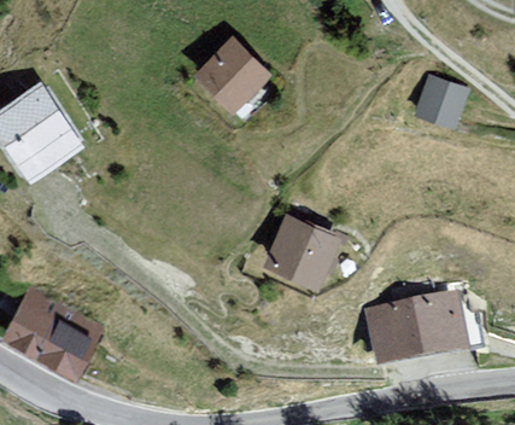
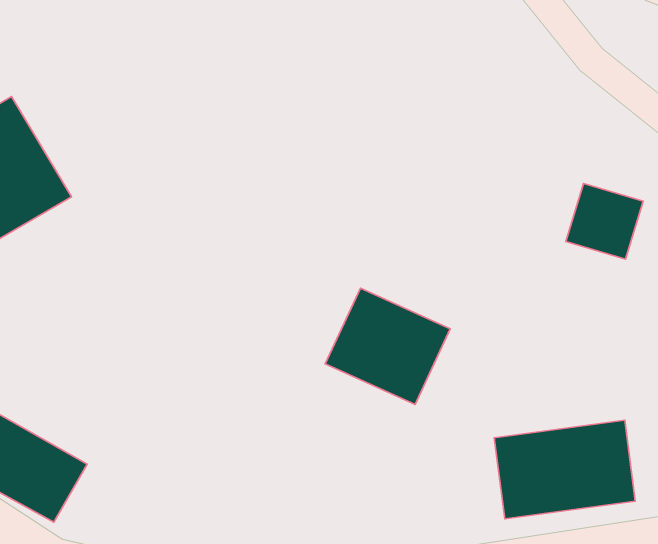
building: [193,37,269,113] -> none
building: [417,77,470,129] -> [566,183,643,259]

